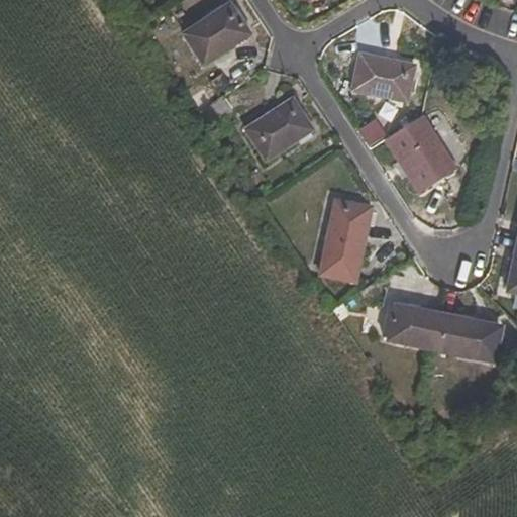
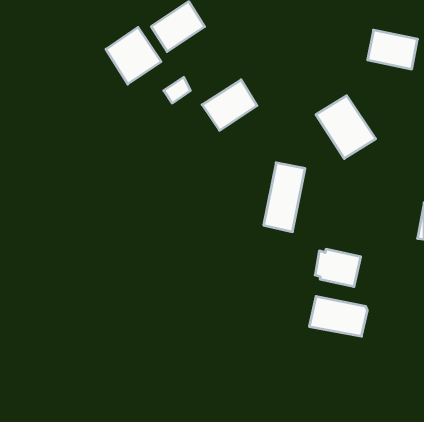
building: none -> [106,27,161,84]
building: [352,53,413,100] -> [368,30,418,69]
building: [430,312,501,360] -> [309,296,367,336]

